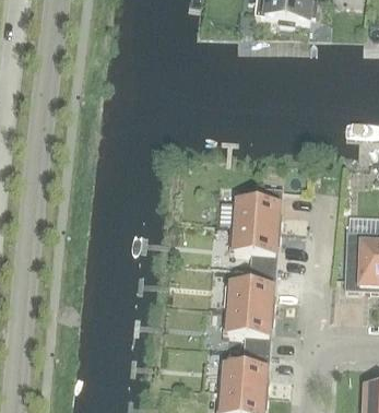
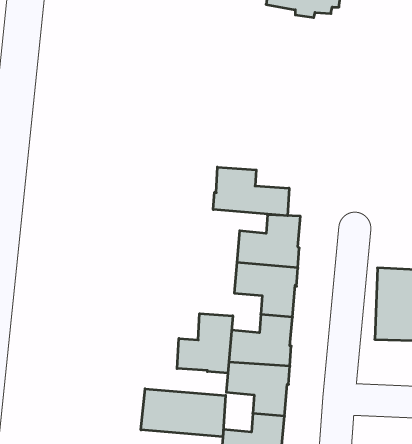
building: none -> [213,167,289,216]
building: none -> [177,314,233,373]
building: none -> [141,389,226,437]

